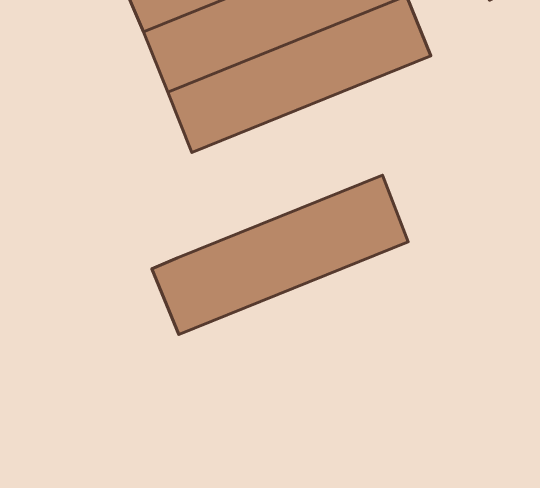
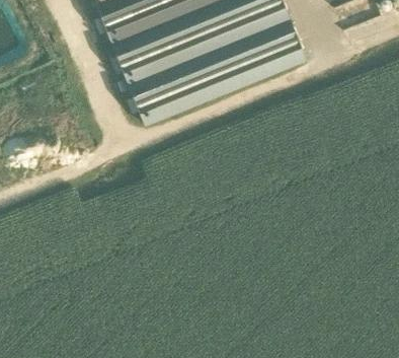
building: [152,175,408,334] -> none

